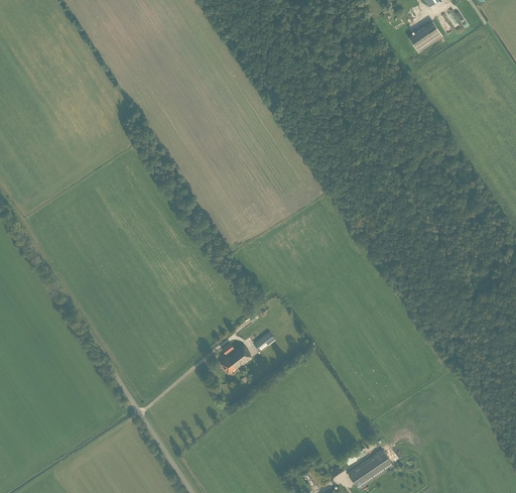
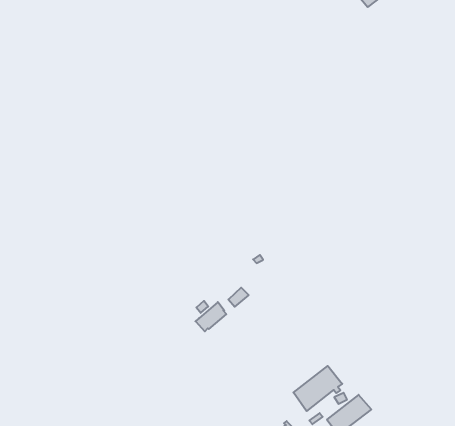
building: none -> [293,366,342,411]

